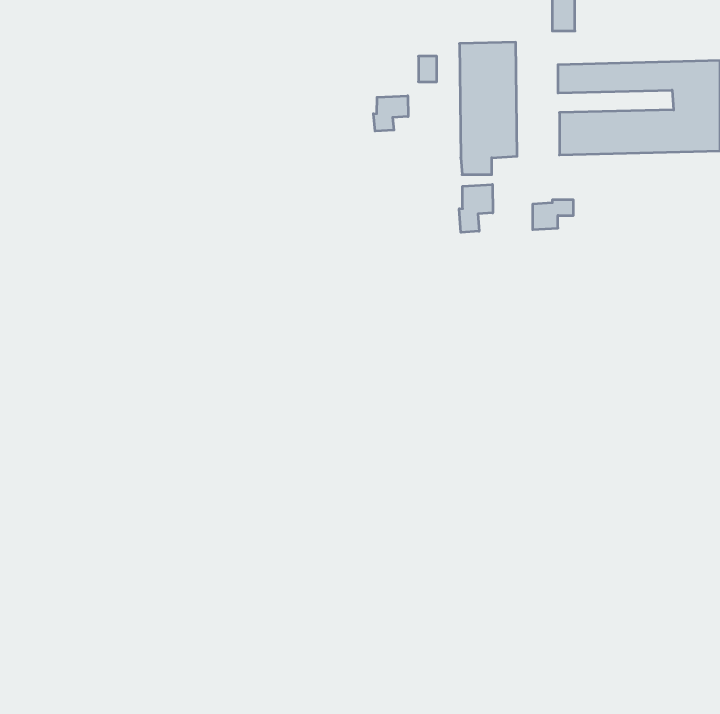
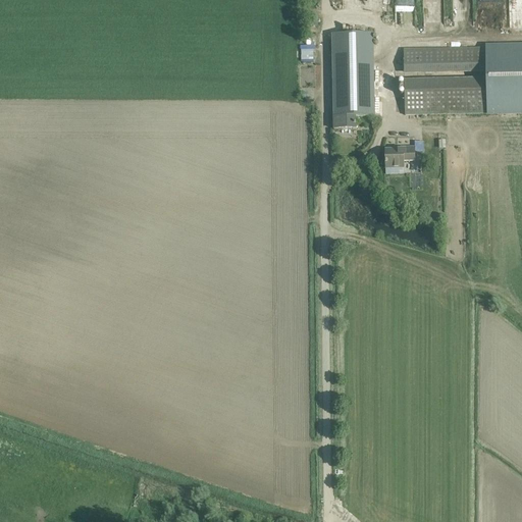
building: [373,96,408,131] -> none
building: [459,184,493,232] -> none

